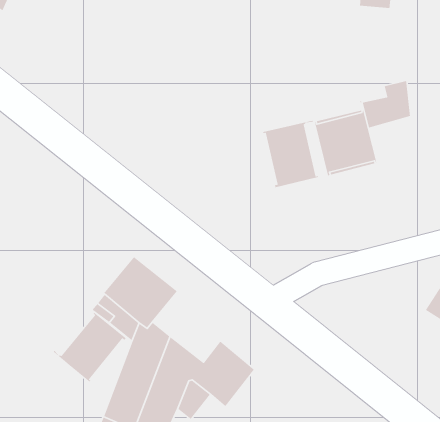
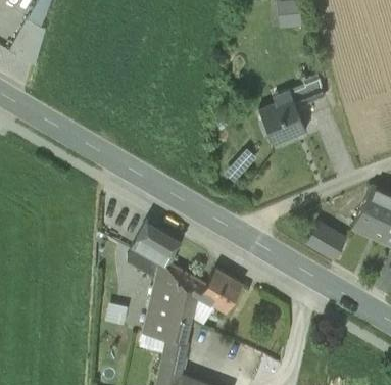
building: [262,119,319,188] -> none
building: none -> [306,222,348,260]
building: [52,312,127,382] -> none

